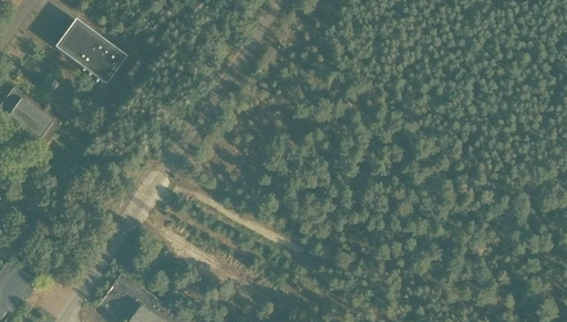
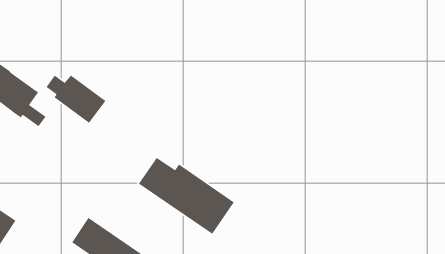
building: [48,20,122,80] -> [45,75,106,124]
building: none -> [138,157,235,235]

